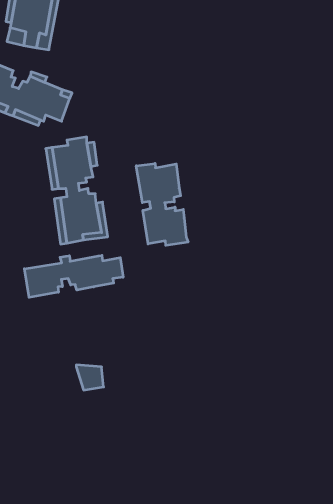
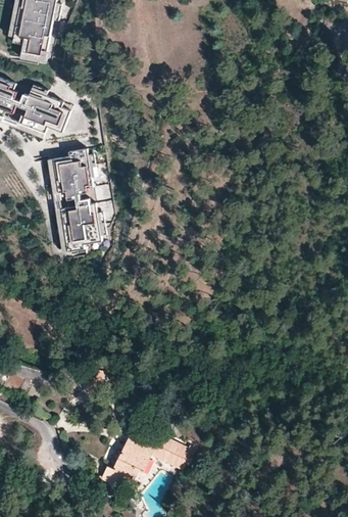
building: [136,163,188,245] -> none
building: [24,255,123,297] -> none
building: none -> [100,430,192,486]

